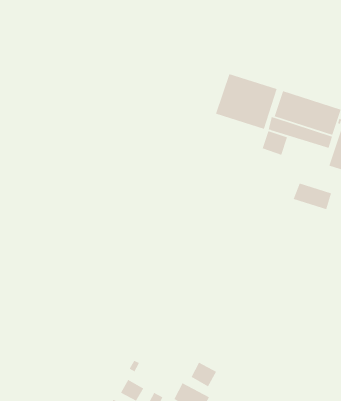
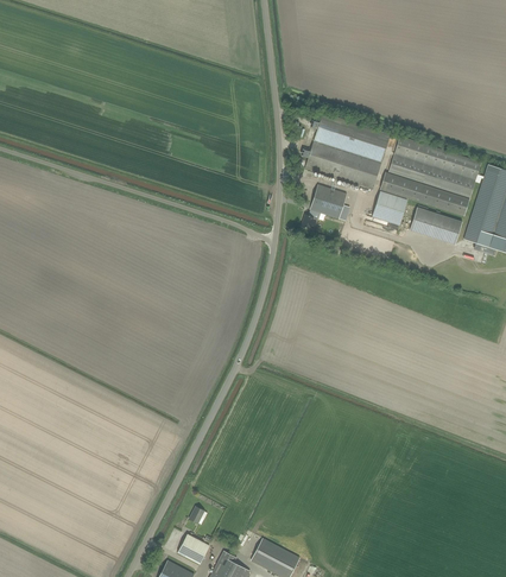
building: none -> [301,185,347,229]
building: [293,183,332,210] -> [409,210,462,247]
building: [191,362,217,387] -> none

